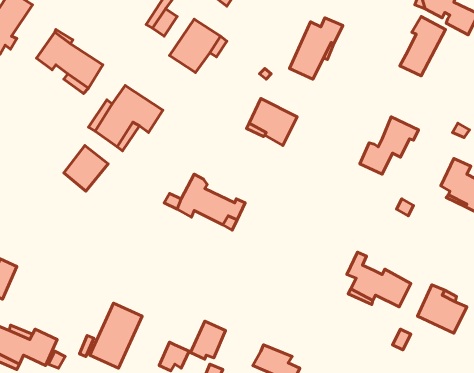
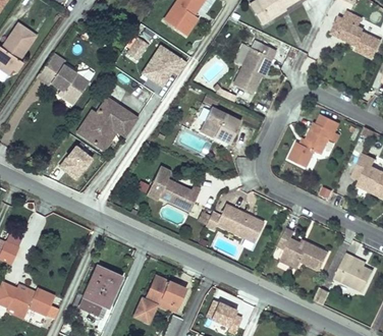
building: [400,16,445,76] -> none
building: none -> [207,205,265,238]
building: none -> [145,276,168,306]

